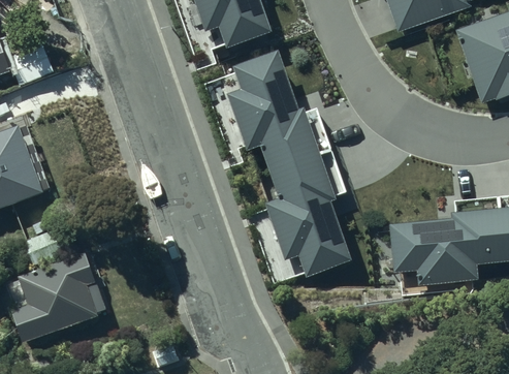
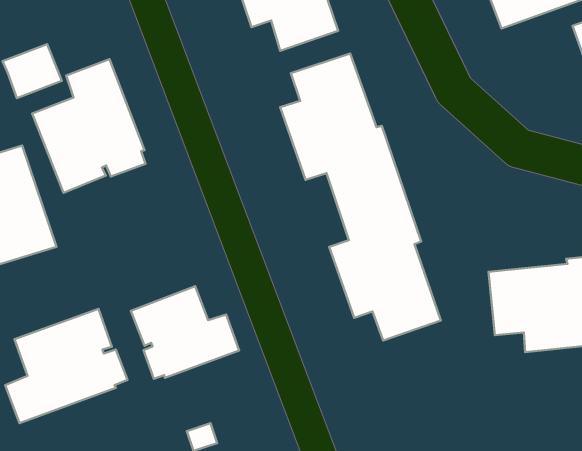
building: none -> [32,59,146,193]
building: none -> [131,286,239,379]

